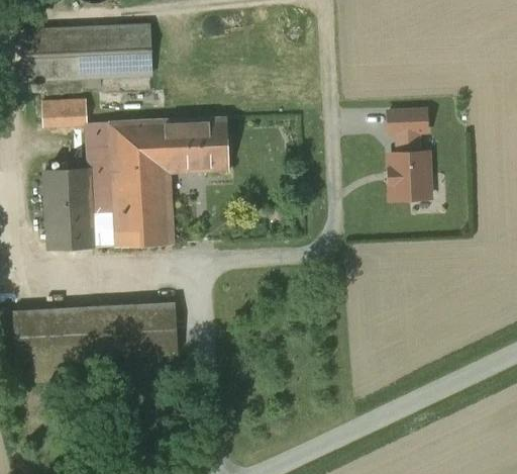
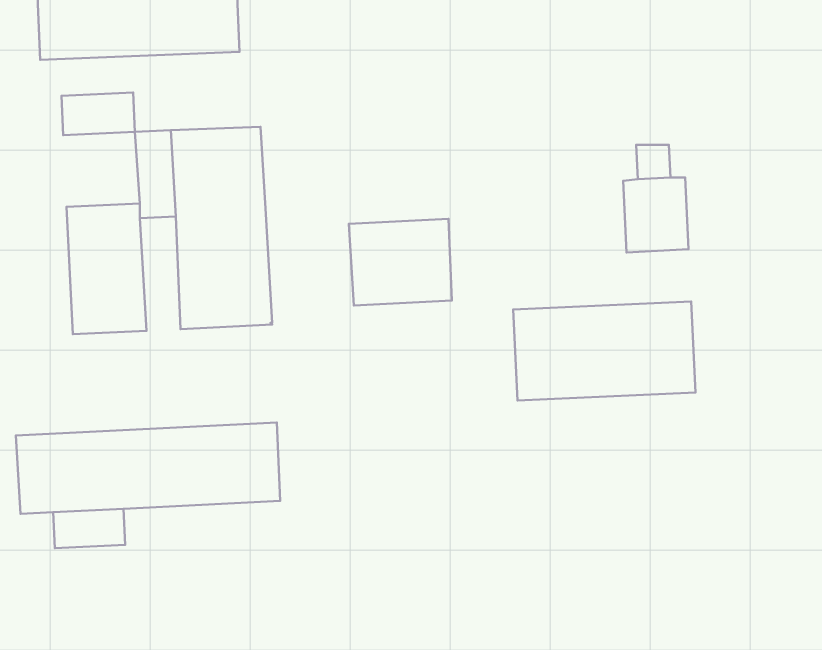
building: [388,109,426,132] -> none
building: [165,117,228,171] -> [349,219,452,305]
building: [90,176,115,247] -> none
building: none -> [513,302,695,400]

